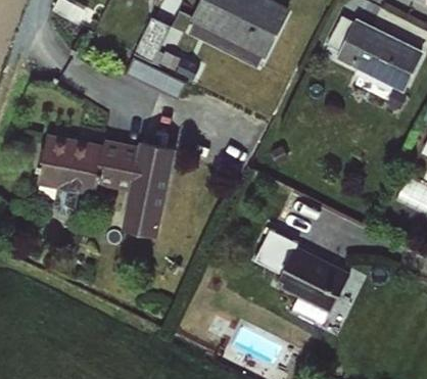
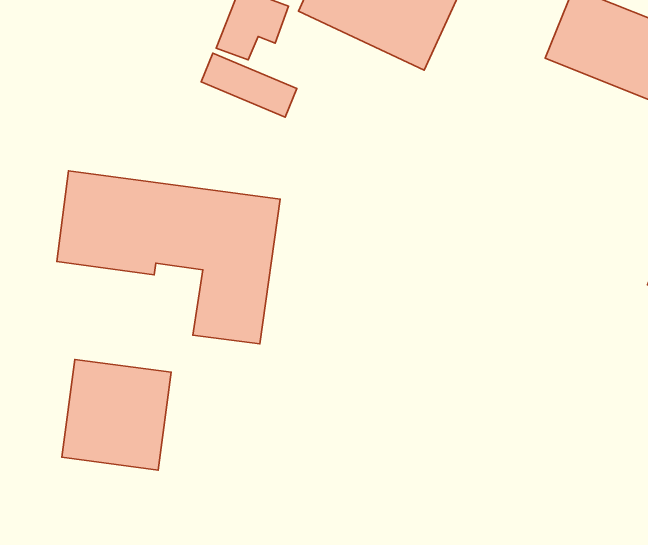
building: [254,232,353,325] -> none
building: none -> [62,359,171,470]

